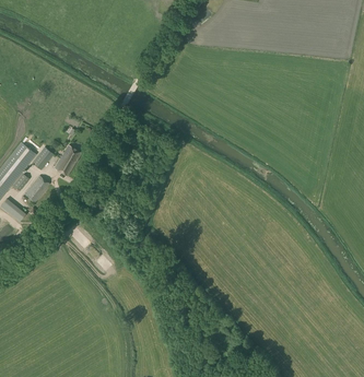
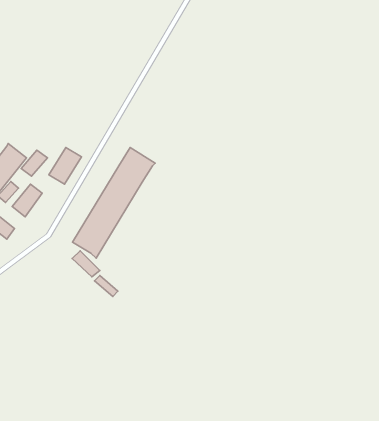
building: none -> [73,148,155,258]

